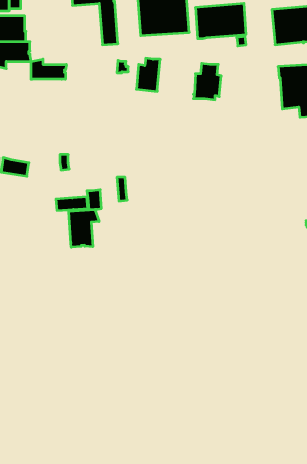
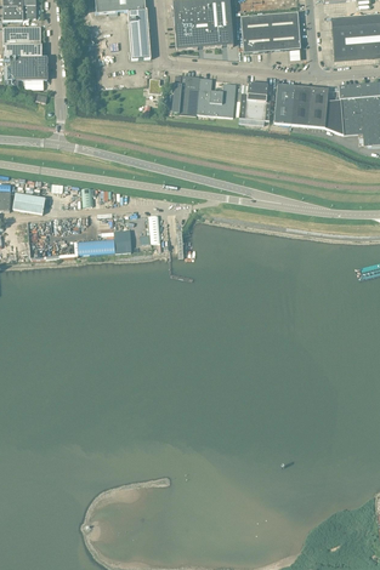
building: [31,59,66,79] -> none
building: none -> [195,75,236,115]
building: none -> [273,82,342,133]
building: [69,209,99,247] -> none

